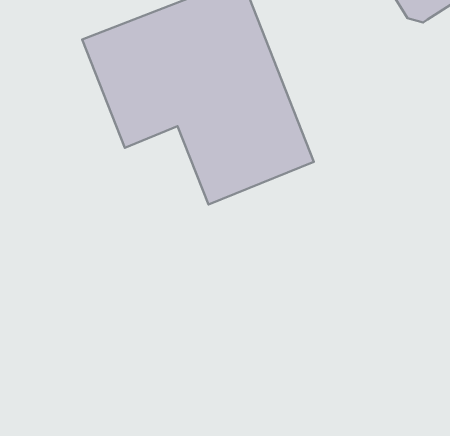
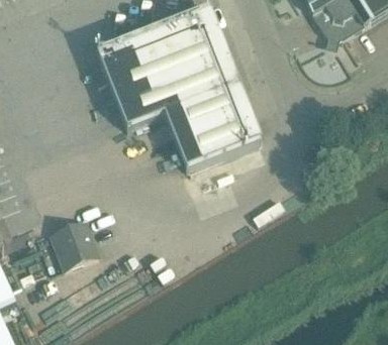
building: none -> [52,219,99,266]

